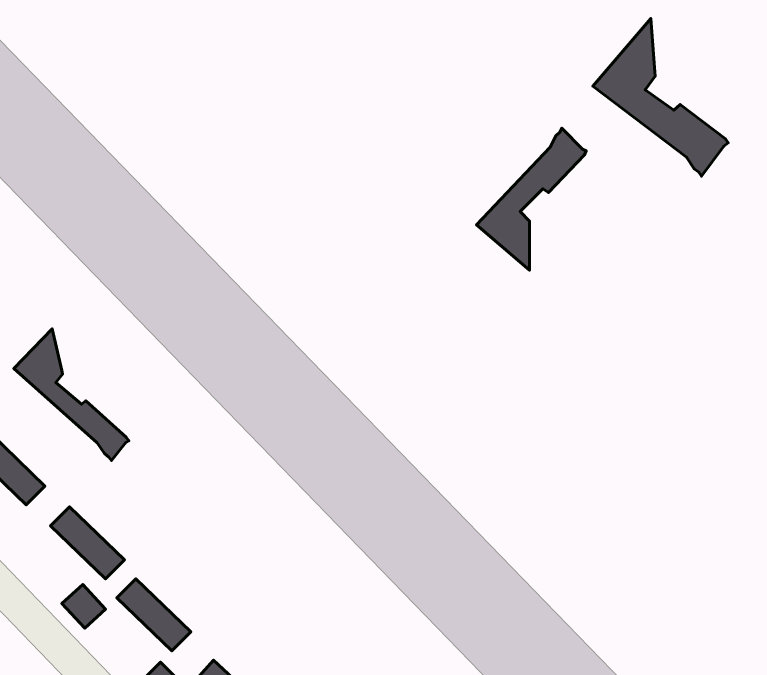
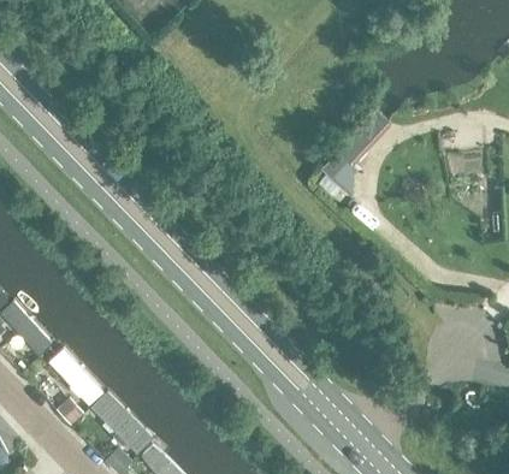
building: [593,19,728,176] -> none
building: [14,329,129,461] -> none

